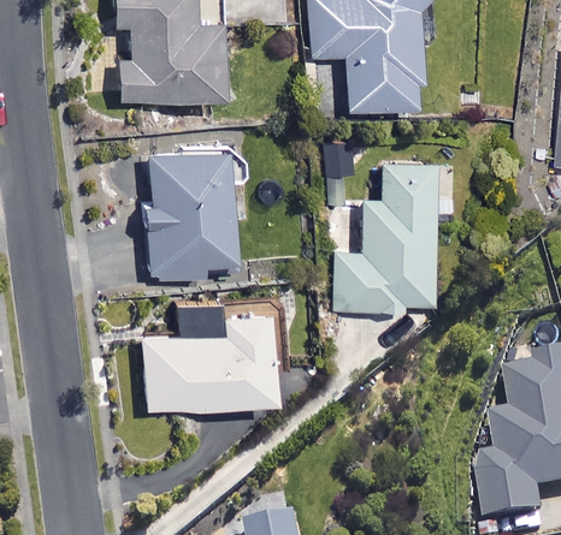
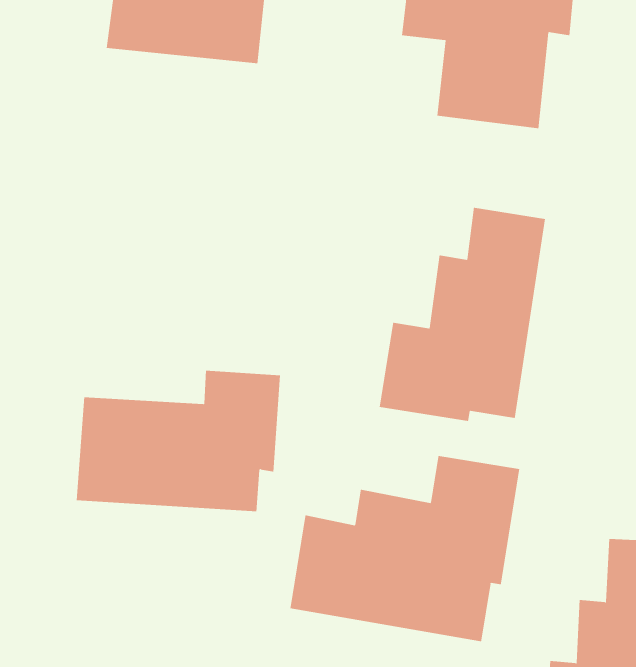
building: [144,148,237,278] -> none
building: none -> [290,455,520,642]

